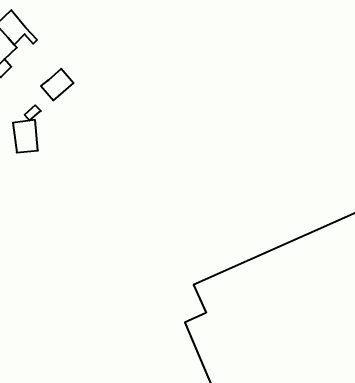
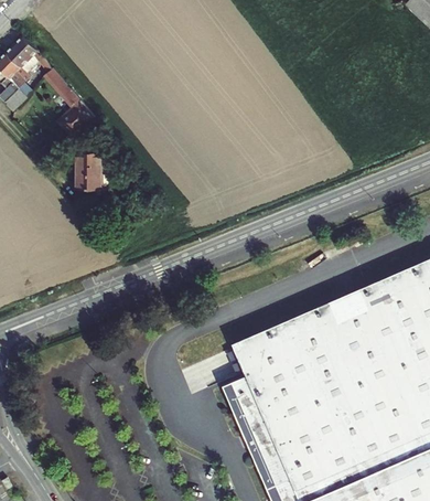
building: none -> [47,66,83,119]
building: [13,120,38,153] -> [76,147,105,184]

